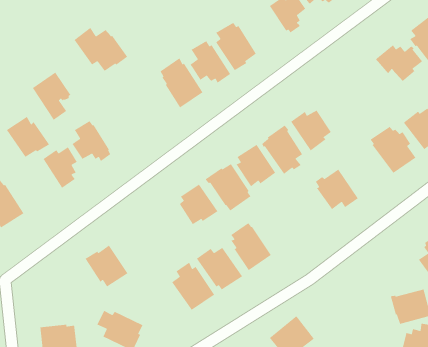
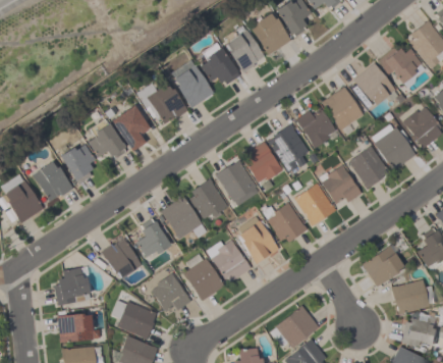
building: none -> [250,13,290,55]
building: [74,27,128,72] -> [135,82,187,124]
building: none -> [352,63,397,106]
building: [32,72,72,121] -> [111,105,149,152]
building: none -> [321,87,363,131]
building: [6,116,50,158] -> [32,161,73,201]
building: none -> [348,146,388,189]
building: none -> [293,183,335,225]
building: none -> [160,196,207,240]
building: none -> [263,202,308,243]
building: none -> [135,218,170,257]
building: none -> [362,245,403,287]
building: none -> [54,268,90,306]
building: none -> [151,273,190,310]

